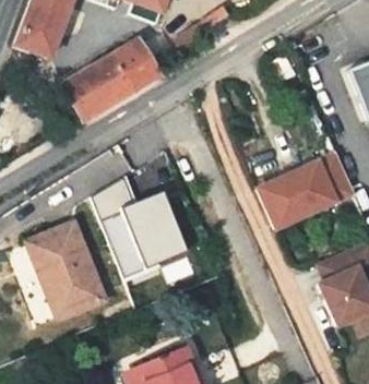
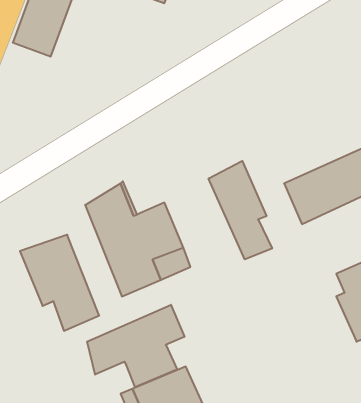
building: [72,50,164,127] -> none
building: none -> [209,161,272,259]
building: none -> [87,305,184,387]

